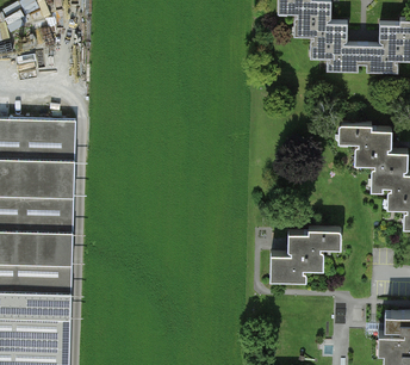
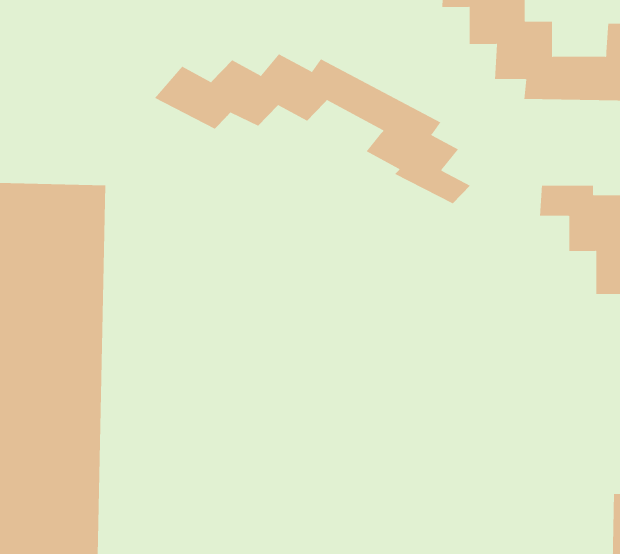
building: none -> [154,53,471,204]
building: [265,229,336,280] -> none

